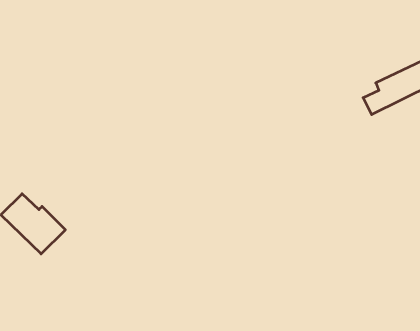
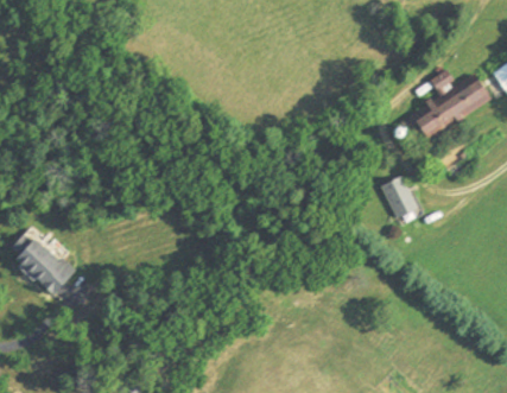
building: none -> [382,175,420,220]

